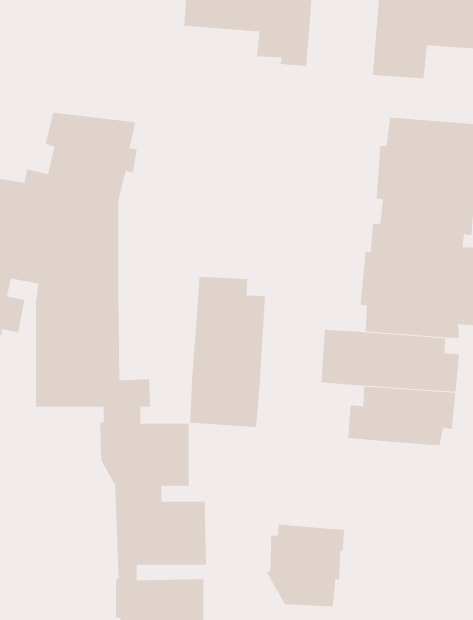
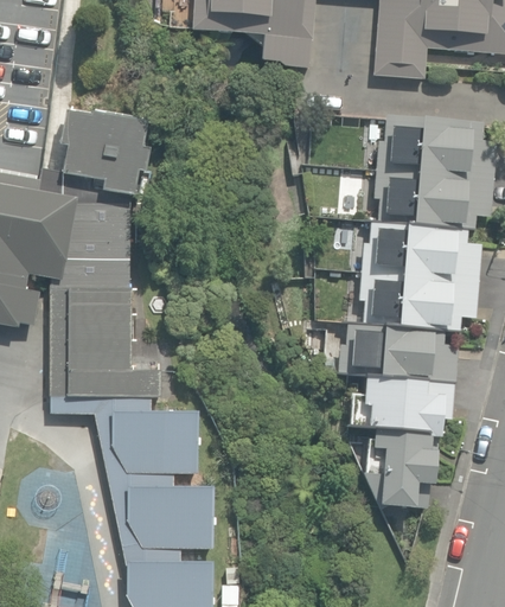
building: [189,276,266,428] -> none
building: [266,524,345,607] -> [363,428,439,507]

